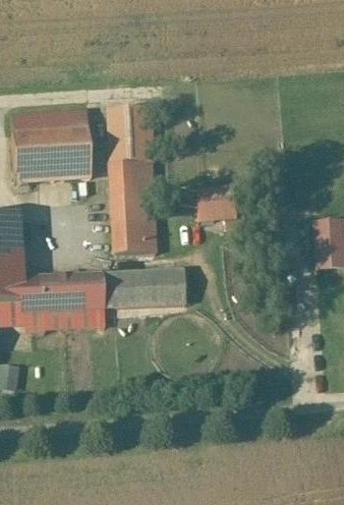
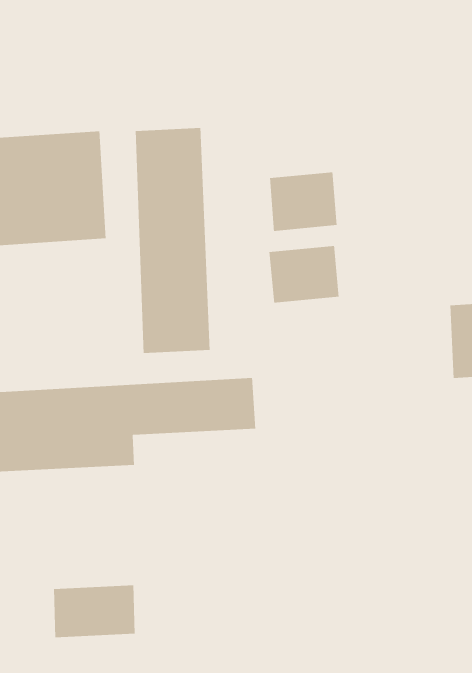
building: none -> [269,171,337,232]
building: none -> [53,584,135,638]

